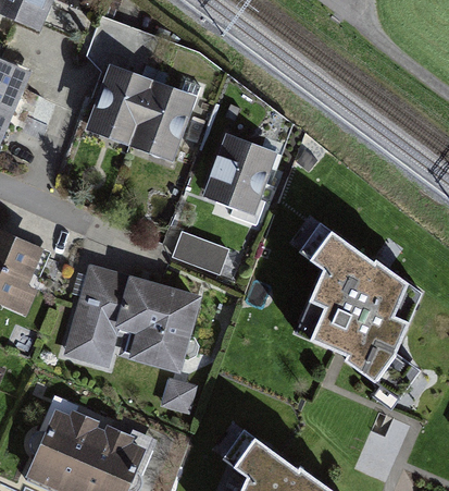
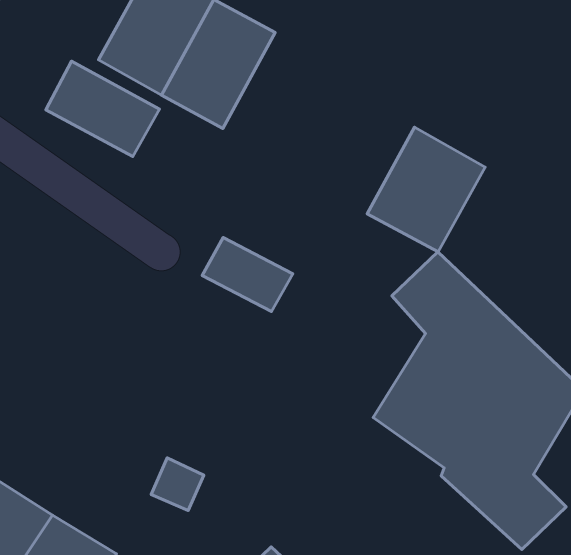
building: none -> [46,61,159,157]
building: [203,135,274,212] -> [367,127,485,252]
building: [64,266,198,371] -> none

